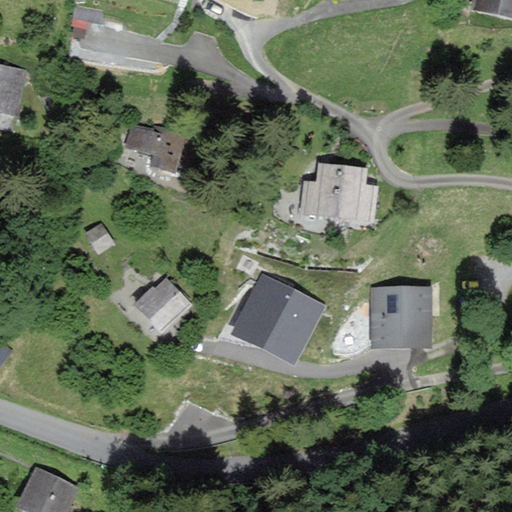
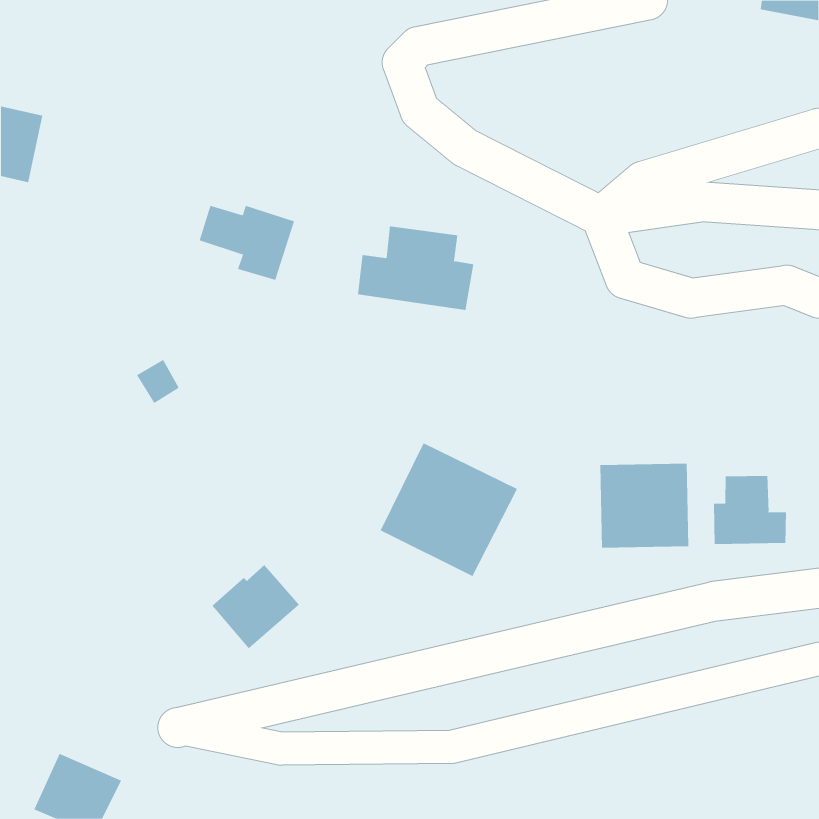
building: [302,164,375,217] -> [357,226,474,311]
building: [133,279,188,332] -> [212,564,300,649]
building: none -> [713,475,787,545]

